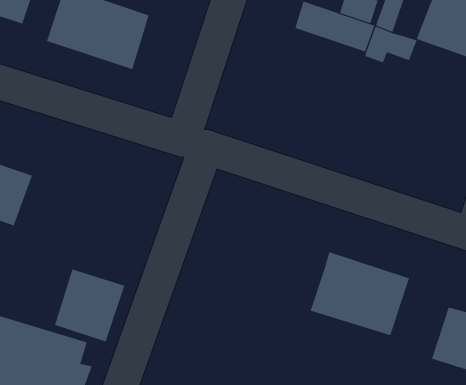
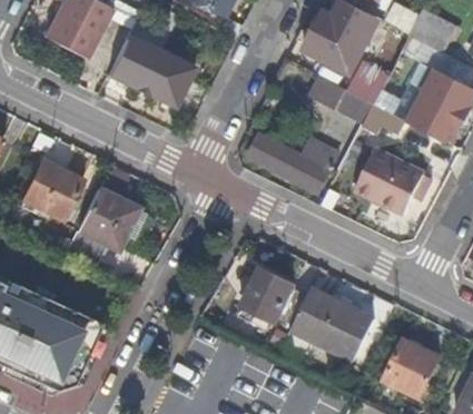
building: none -> [356,137,434,207]
building: none -> [247,135,334,193]
building: none -> [236,266,305,329]
building: [54,269,125,342] -> [73,188,136,252]

